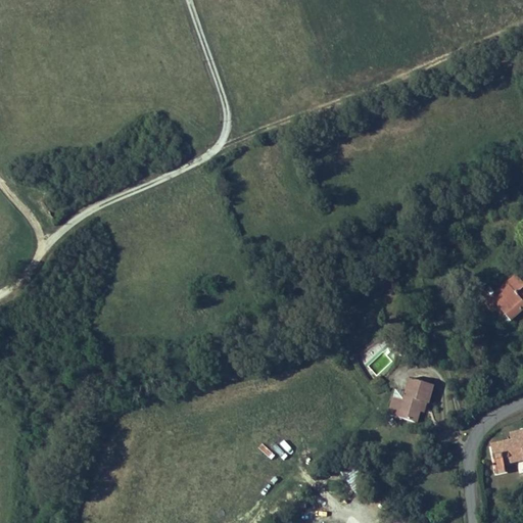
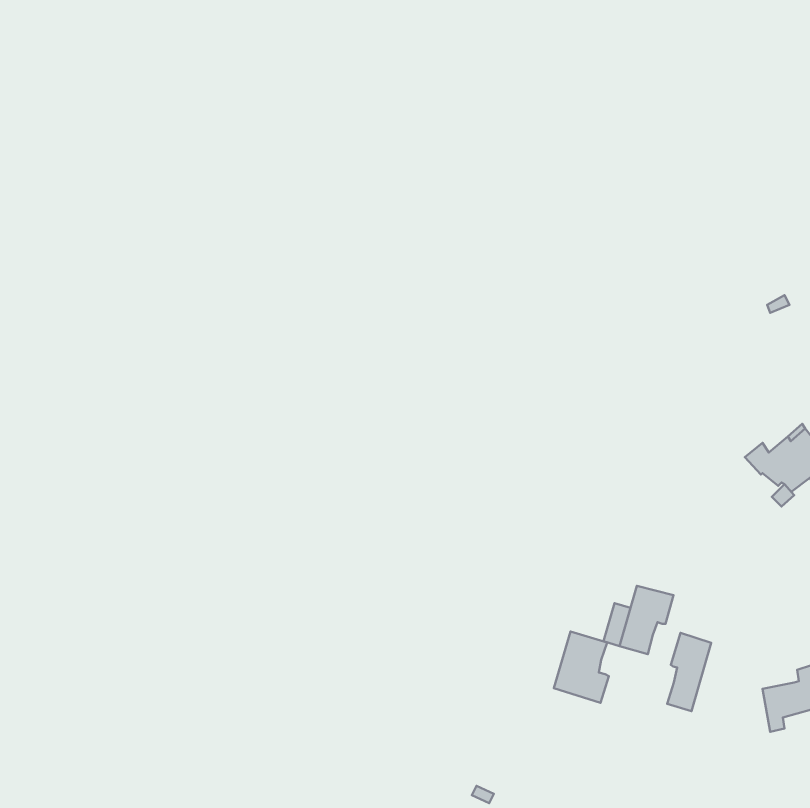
building: none -> [554,631,609,703]
building: none -> [667,633,711,711]

